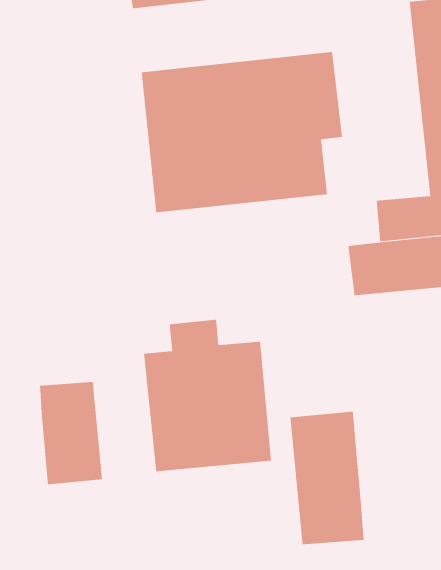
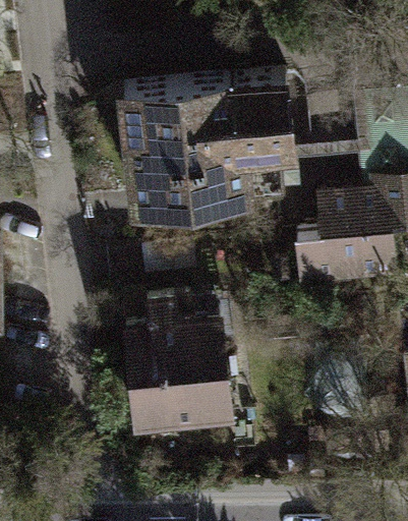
building: [39,381,102,485] -> none
building: [290,411,364,545] -> none

